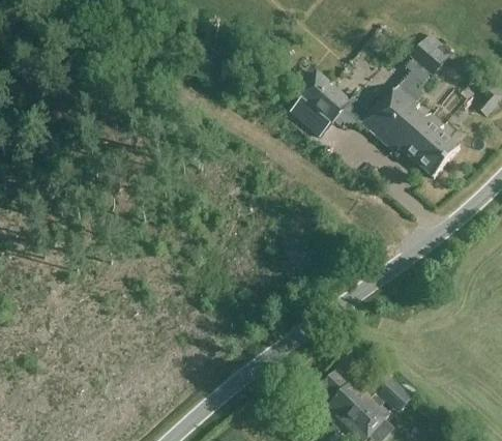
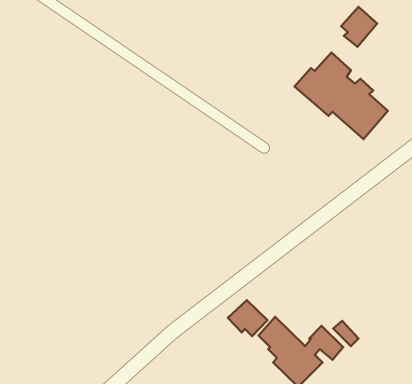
building: [290,70,350,135] -> none
building: none -> [228,300,268,336]

